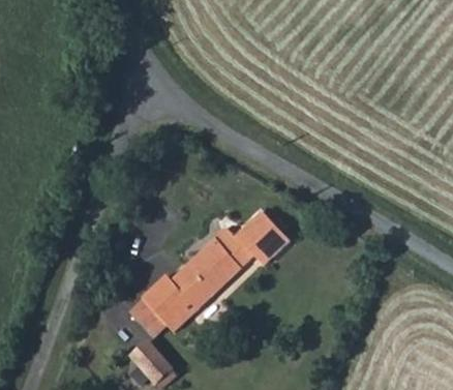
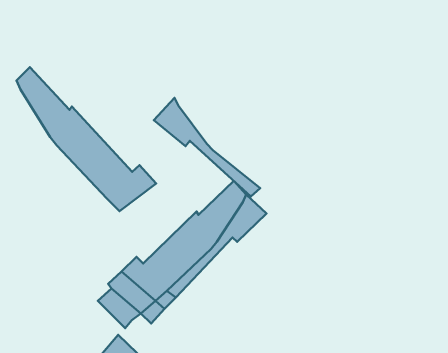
building: none -> [16,67,156,211]
building: none -> [154,98,260,196]

